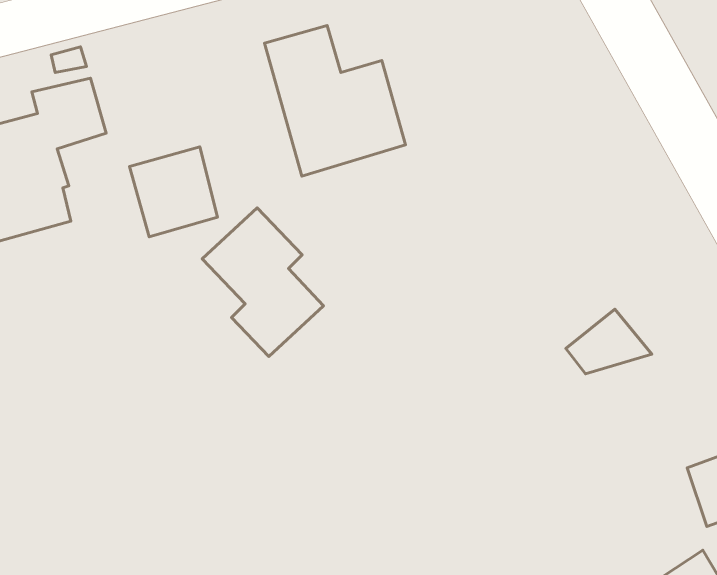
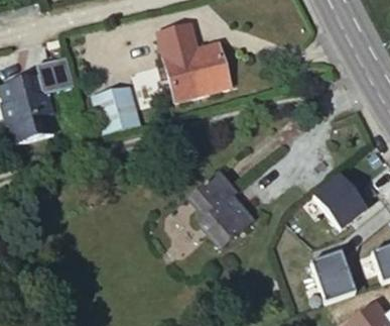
building: [202,208,324,357] -> [186,162,249,239]
building: none -> [322,195,368,230]
building: none -> [313,252,358,304]

